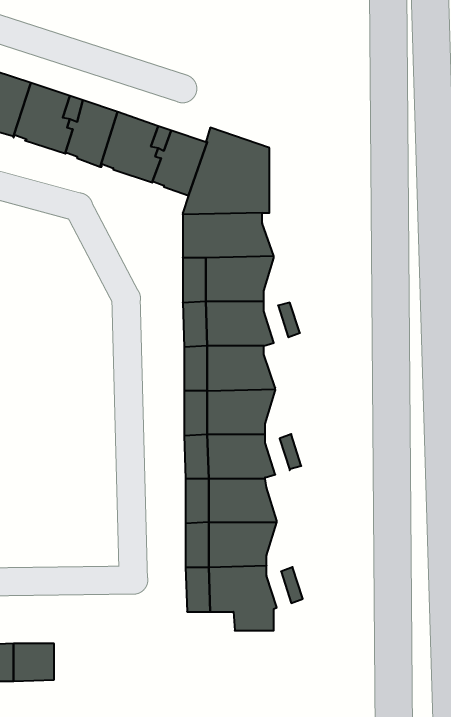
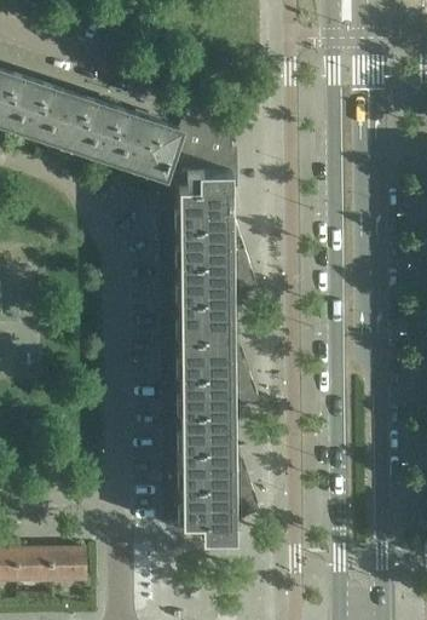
building: none -> [52,550,87,580]

